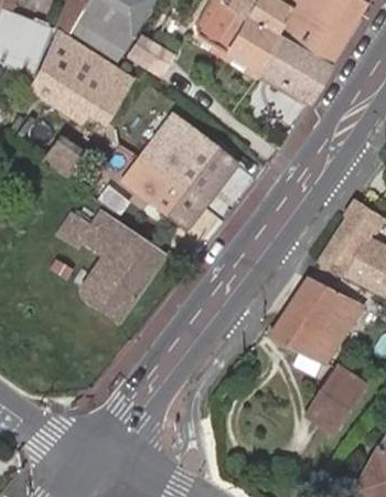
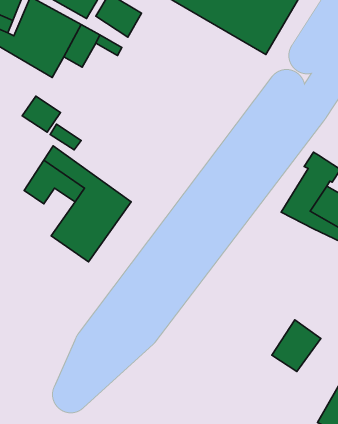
building: [127,117,235,228] -> none
building: [279,283,360,366] -> none

